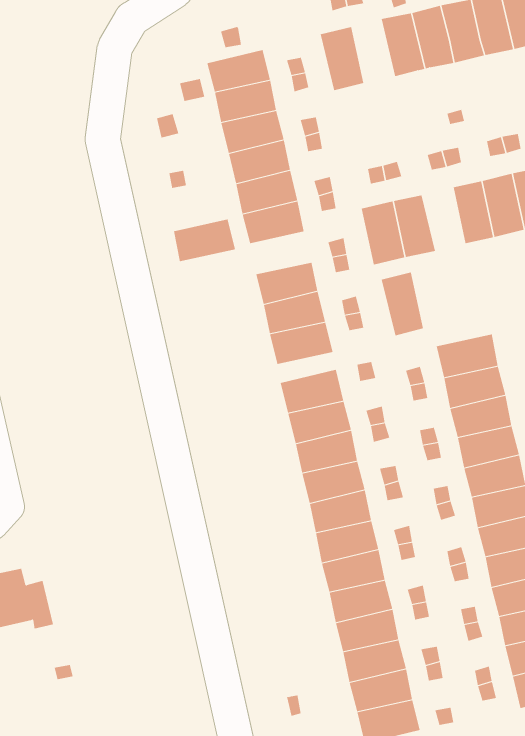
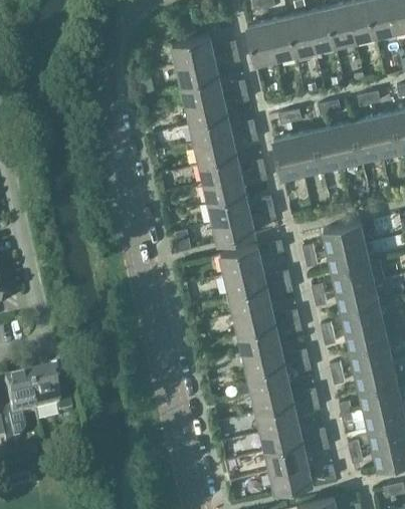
building: none -> [267,15,295,57]
building: [173,219,236,262] -> [200,155,241,183]
building: [381,272,424,336] -> [314,125,342,168]

